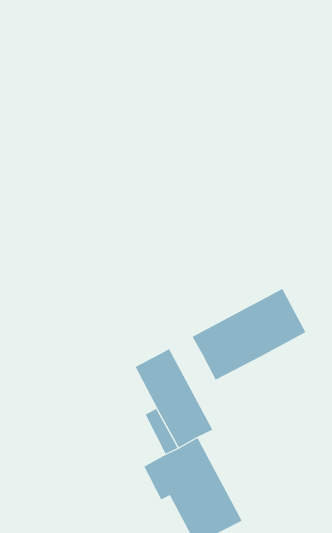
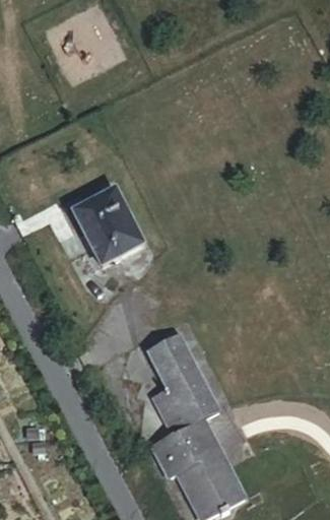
building: none -> [72,189,141,264]
building: [192,288,306,381] -> none

